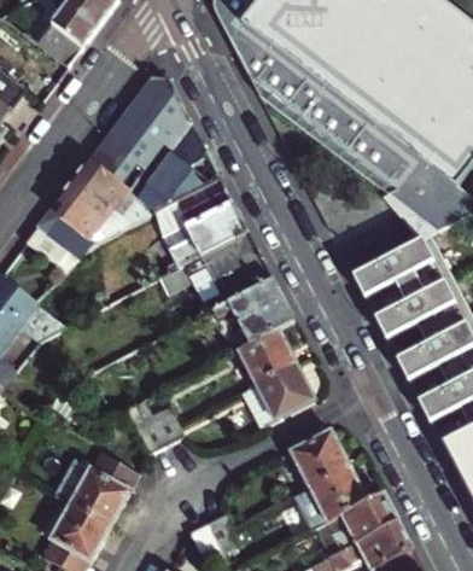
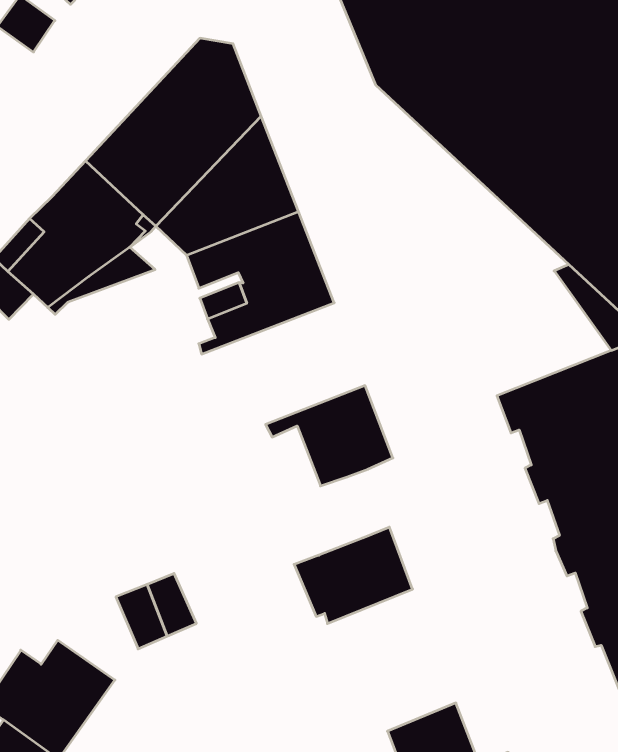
building: [159,229,271,310] -> none
building: [237,328,296,384] -> none
building: [290,430,348,486] -> none

